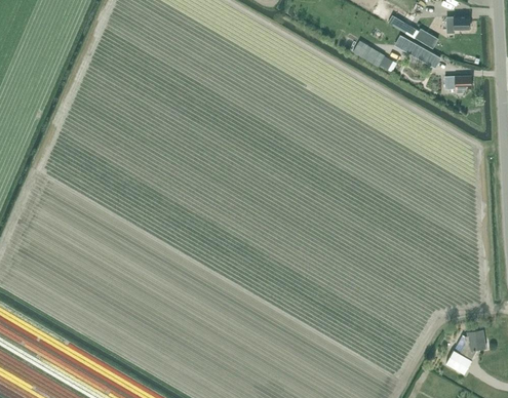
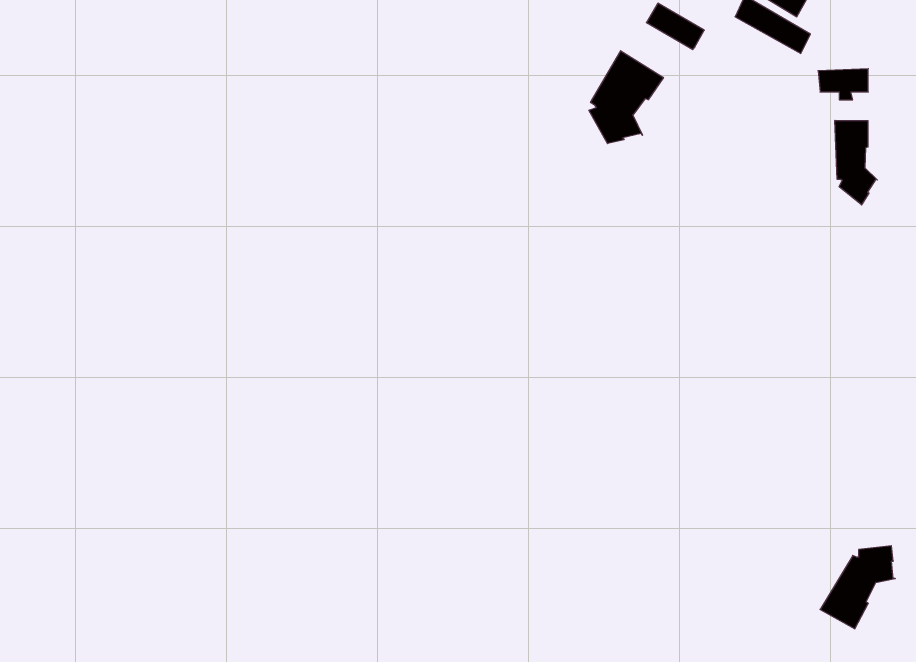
building: none -> [589,51,663,144]
building: none -> [835,120,877,205]

